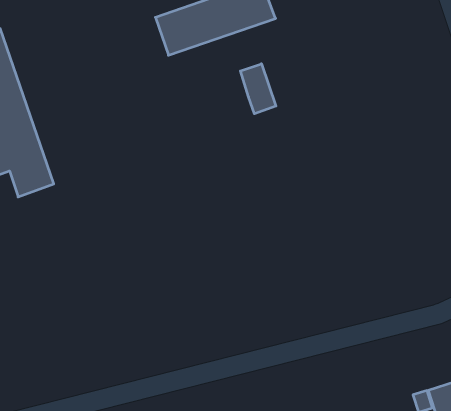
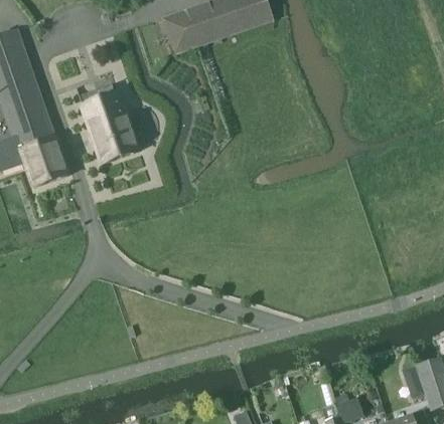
building: [240,64,276,114] -> none
building: none -> [83,91,141,162]

